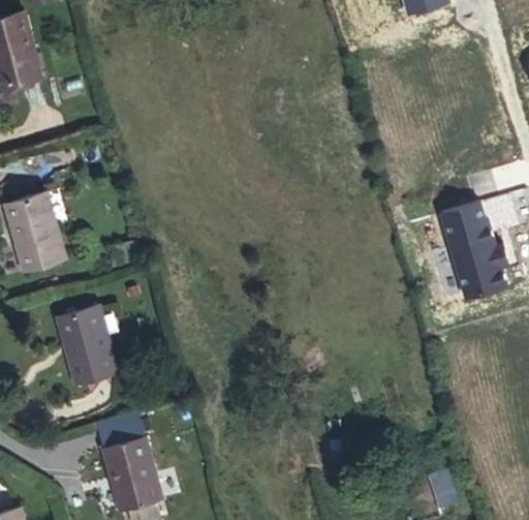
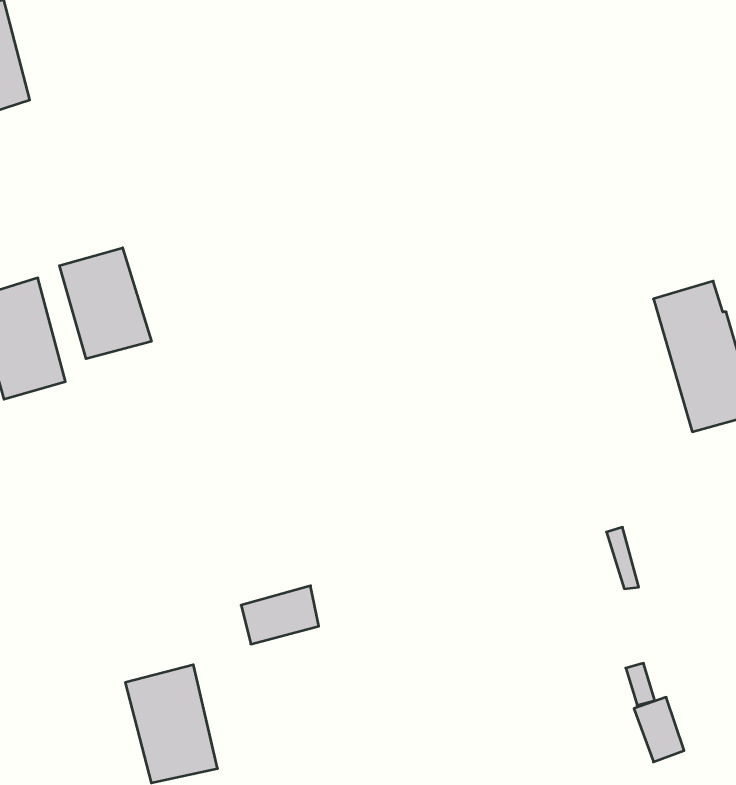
building: none -> [59,248,151,359]
building: [60,308,117,385] -> none
building: [95,414,145,451] -> [241,586,319,644]

